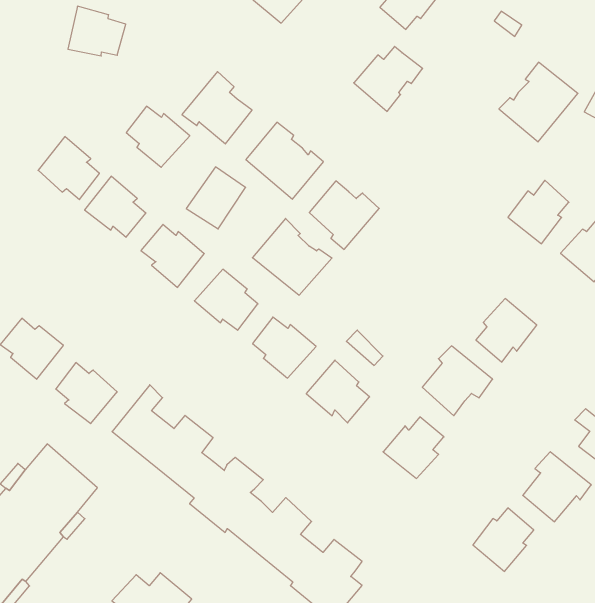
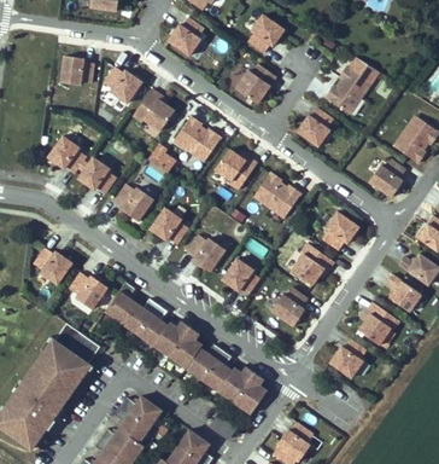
building: [126,106,190,167] -> [103,66,141,103]
building: [508,180,569,244] -> [295,108,332,146]
building: [252,218,332,295] -> [252,172,300,218]

